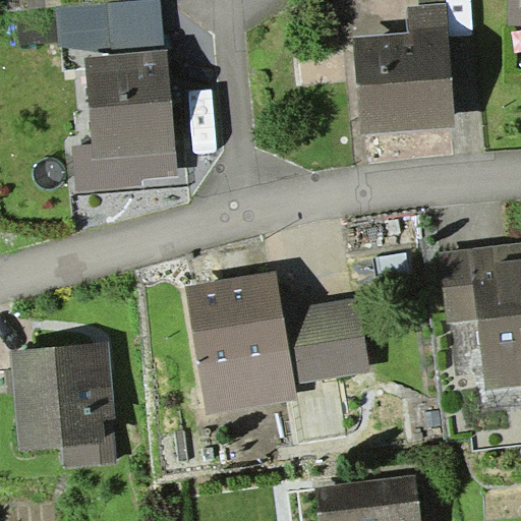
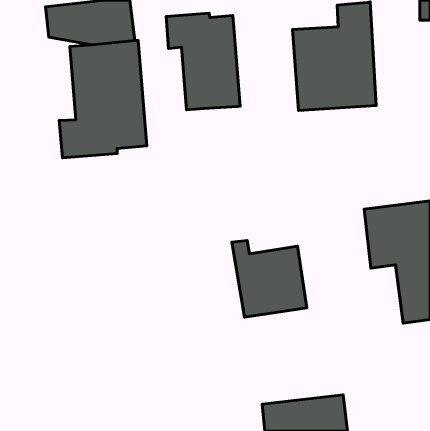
building: none -> [166,13,240,110]
building: [185,271,297,414] -> none
building: [12,342,119,467] -> none

